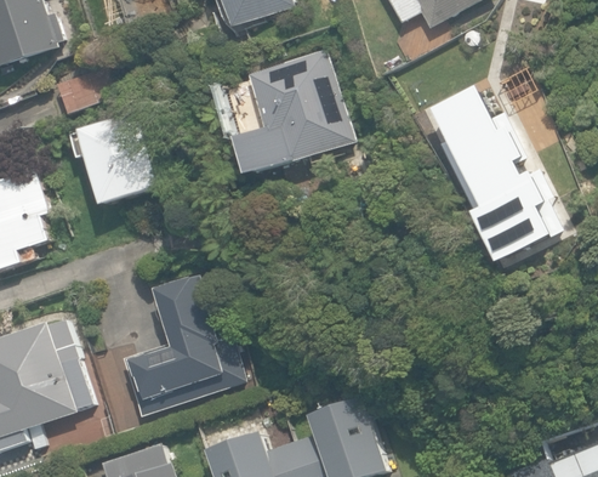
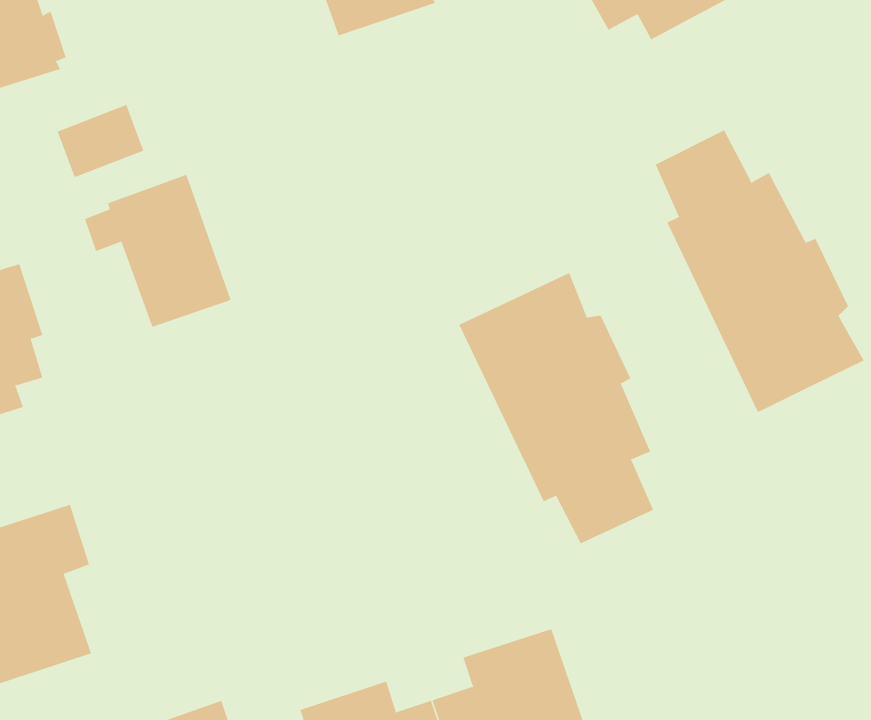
building: [238,49,354,178] -> none
building: none -> [458,272,654,544]
building: [120,276,251,415] -> none

